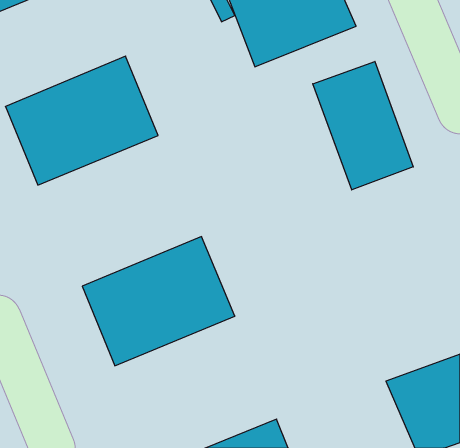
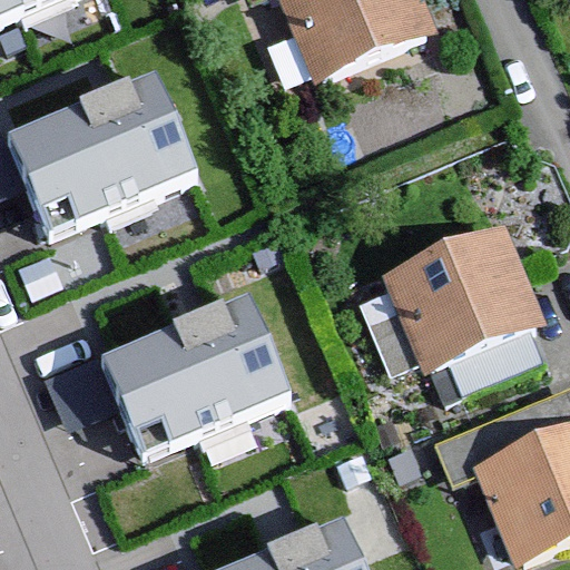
building: [313,61,413,190] -> none
building: none -> [384,235,542,377]

